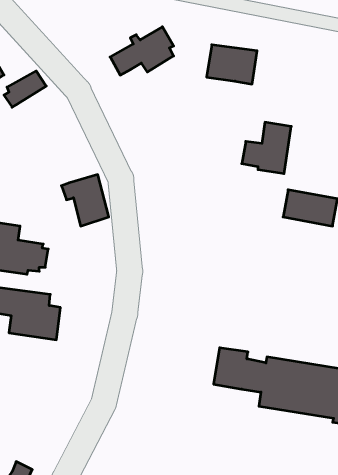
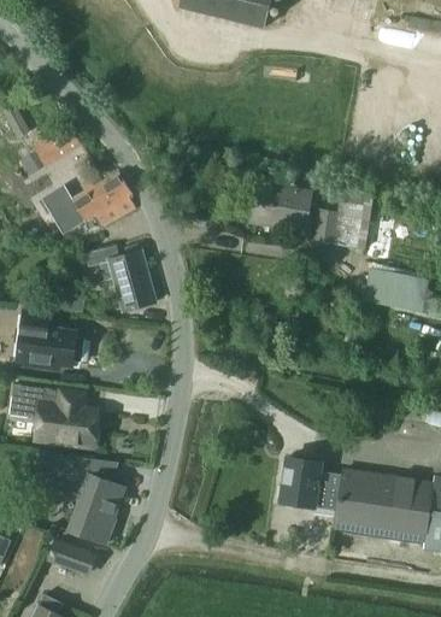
building: [110,27,174,75] -> [58,171,134,229]
building: [207,45,257,84] -> [251,183,311,230]
building: none -> [41,453,125,543]
building: none -> [49,541,94,574]

